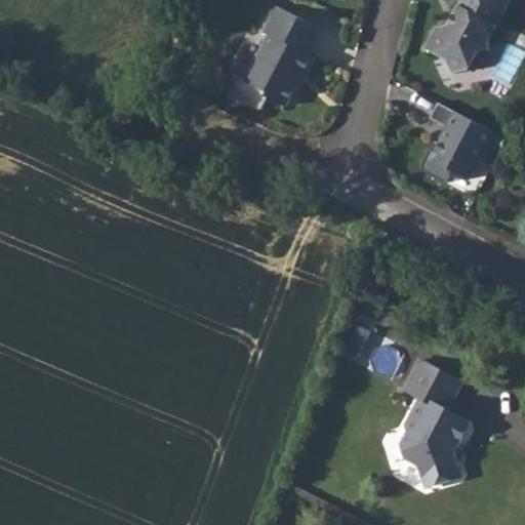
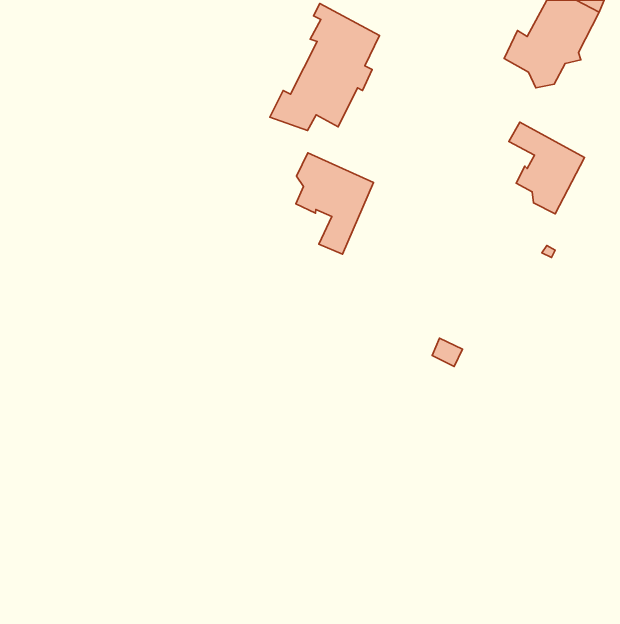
building: none -> [296,153,373,254]
building: [400,360,469,487] -> none

